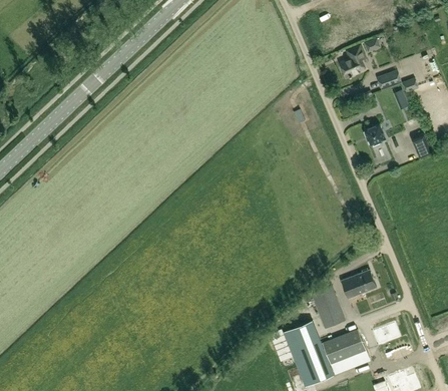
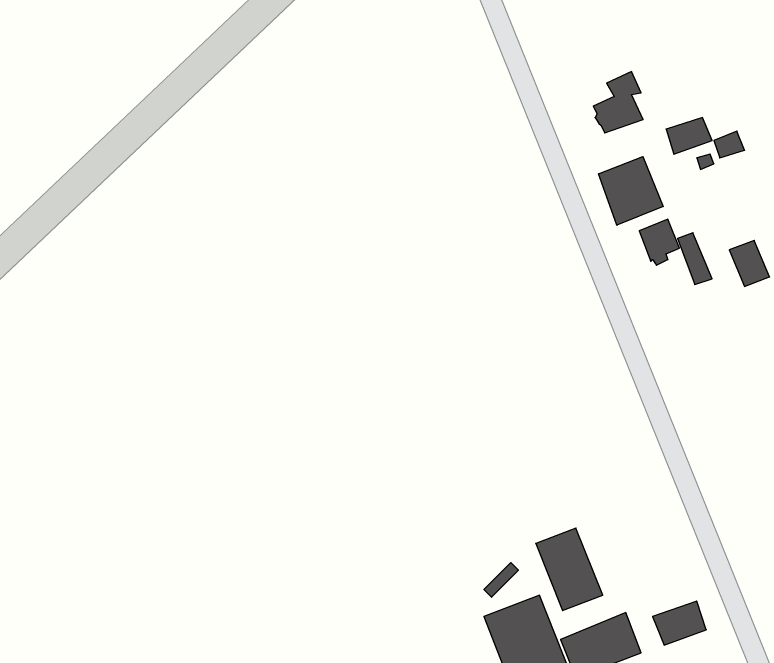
building: none -> [599,157,663,225]
building: [342,268,377,298] -> none

